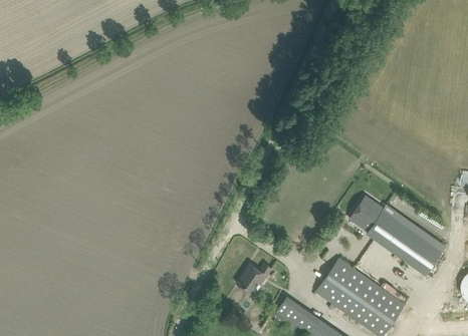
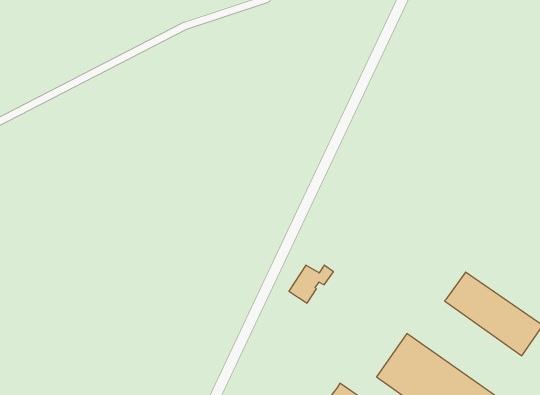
building: [350,200,385,231] -> none
building: [238,263,272,292] -> [289,265,333,303]

